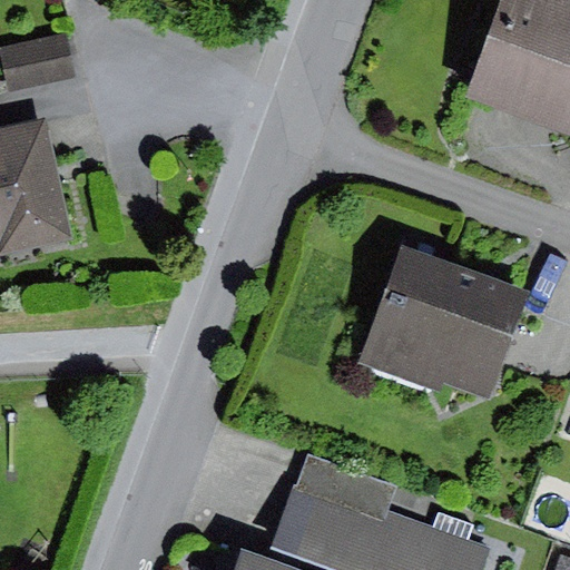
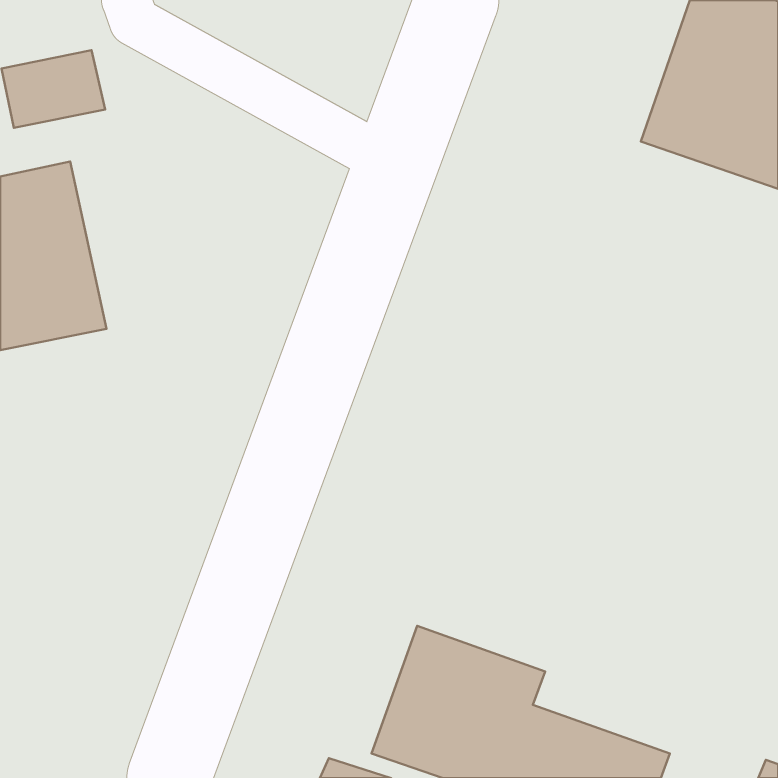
building: [355,243,529,396] -> none

